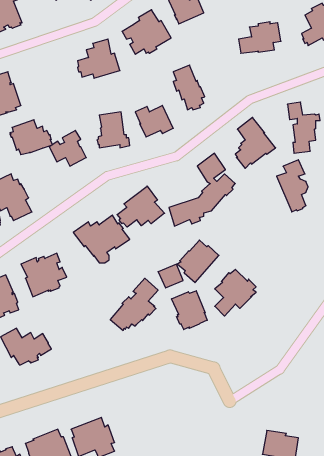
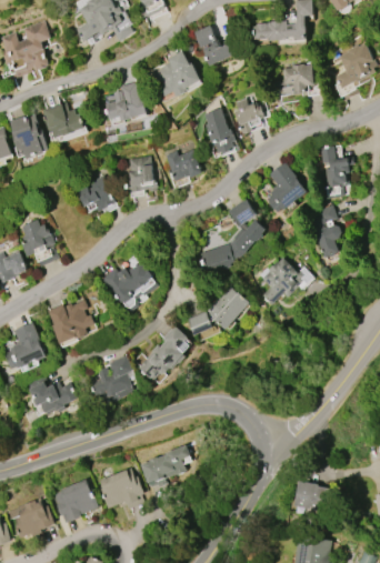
building: none -> [233,98,263,134]
building: [10,120,52,155] -> [41,102,84,138]
building: [117,186,165,227] -> none
building: [215,269,256,316] -> [261,258,303,305]
building: [172,291,207,330] -> none
building: none -> [91,355,134,403]
building: none -> [140,444,190,487]

